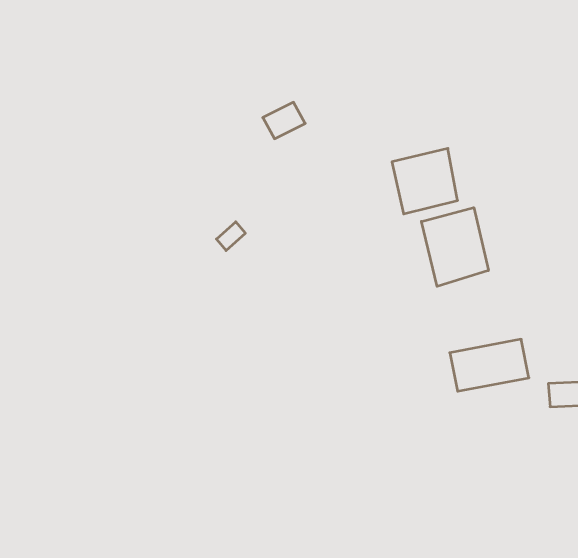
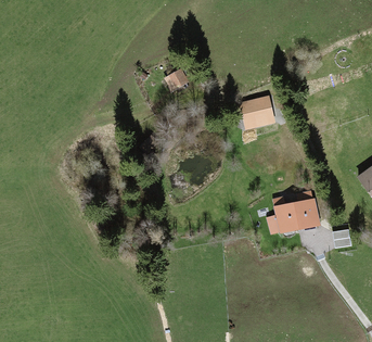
building: [421,208,488,286] -> none

